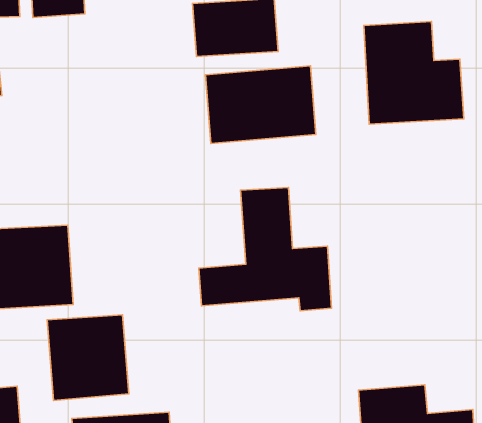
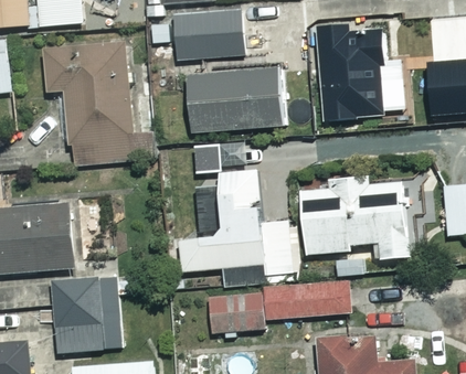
building: none -> [43,43,156,164]
building: none -> [299,184,412,259]
building: none -> [209,281,350,333]

